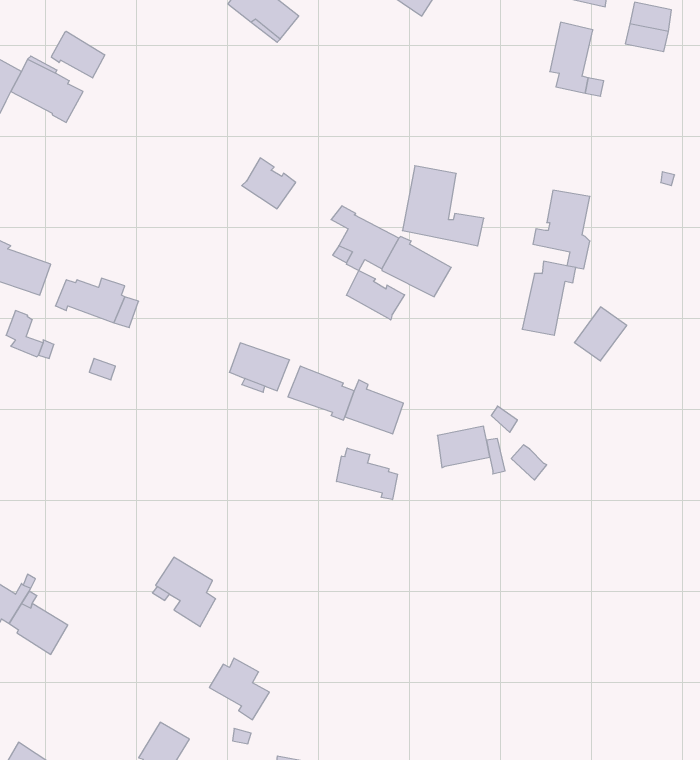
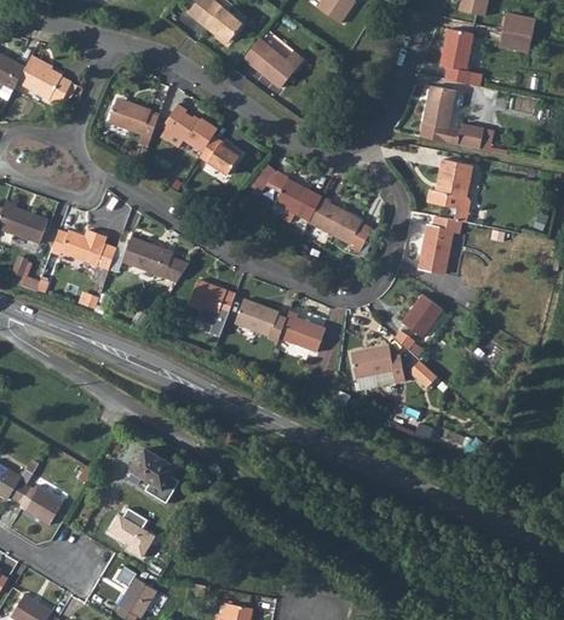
building: [52,31,105,78] -> none
building: none -> [242,39,303,88]
building: none -> [108,101,157,145]
building: none -> [159,103,217,153]
building: [402,166,484,246] -> [420,86,484,149]
building: [346,270,405,320] -> none
building: none -> [121,236,189,281]
building: [574,307,627,361] -> [401,294,442,337]
building: [337,448,397,500] -> none
building: [209,658,269,720] -> [107,509,154,557]

